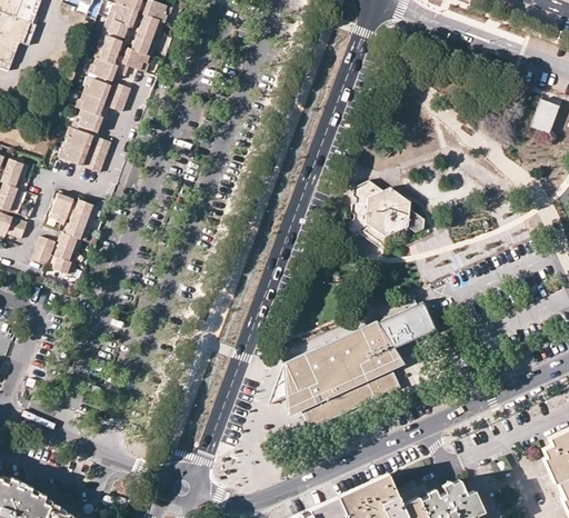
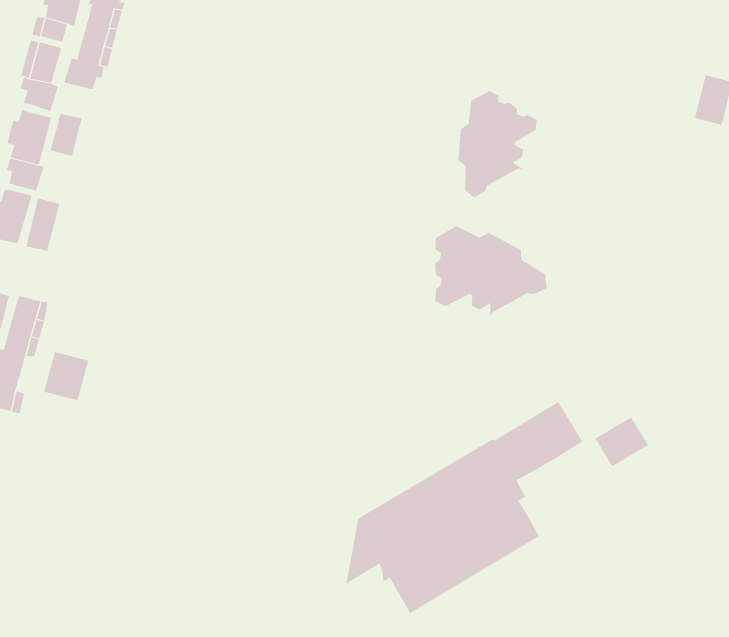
building: none -> [458,90,537,199]
building: none -> [43,351,89,401]
building: none -> [595,416,649,467]

